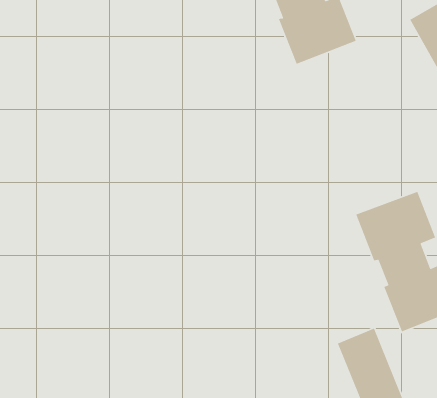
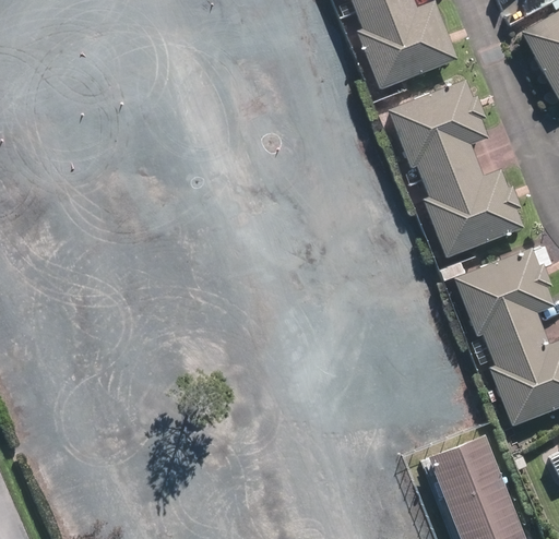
building: none -> [389,80,523,256]

